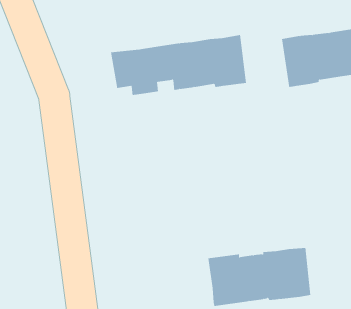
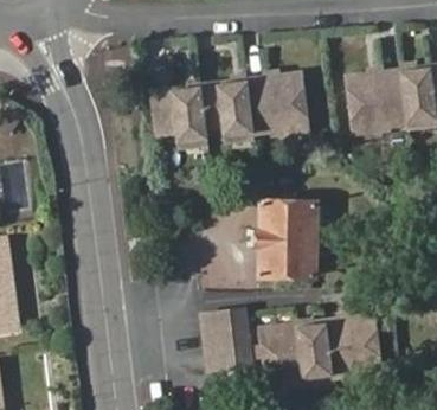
building: none -> [259,200,316,273]
building: none -> [203,310,250,371]

